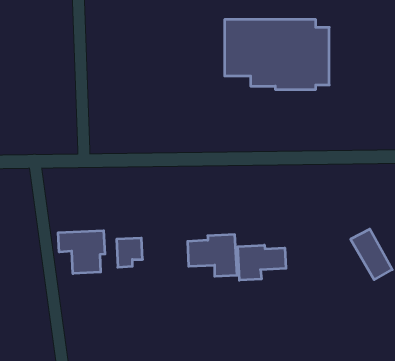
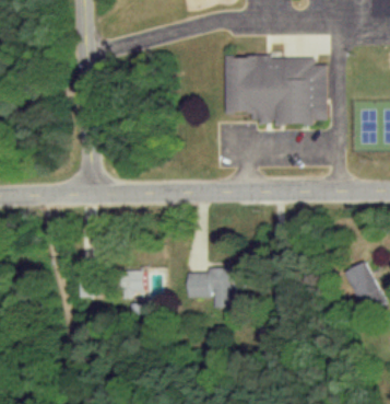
building: [58,231,105,274] -> none
building: [238,245,286,280] -> none

